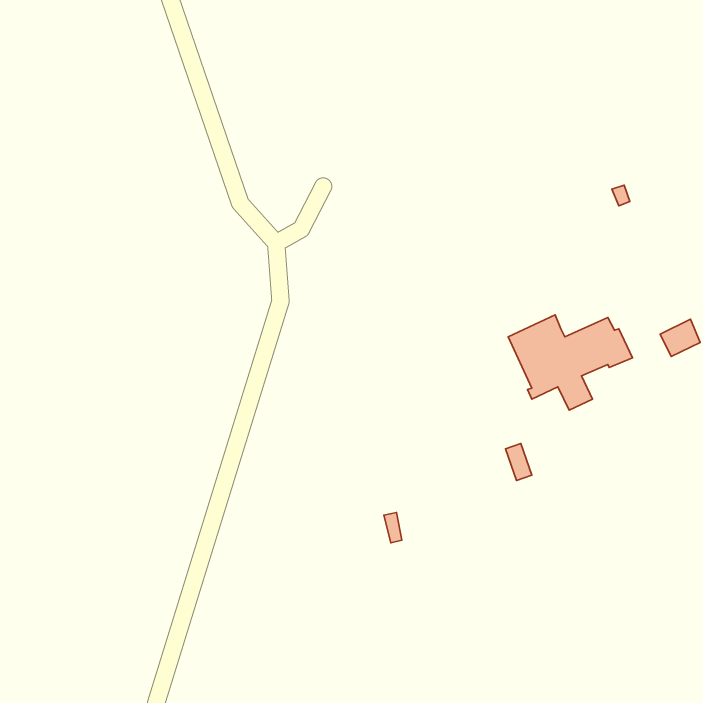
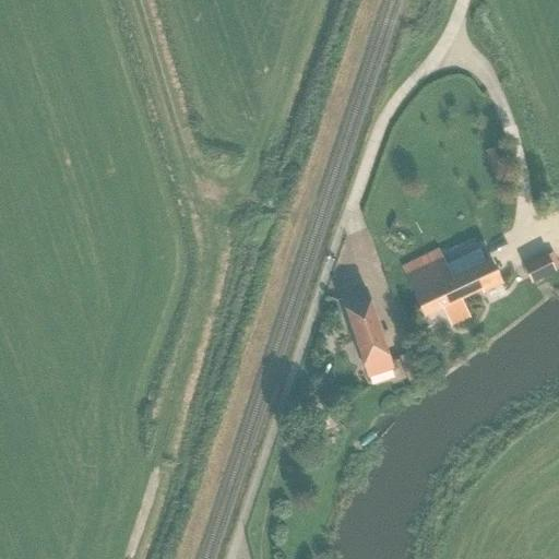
building: none -> [343,286,393,376]

